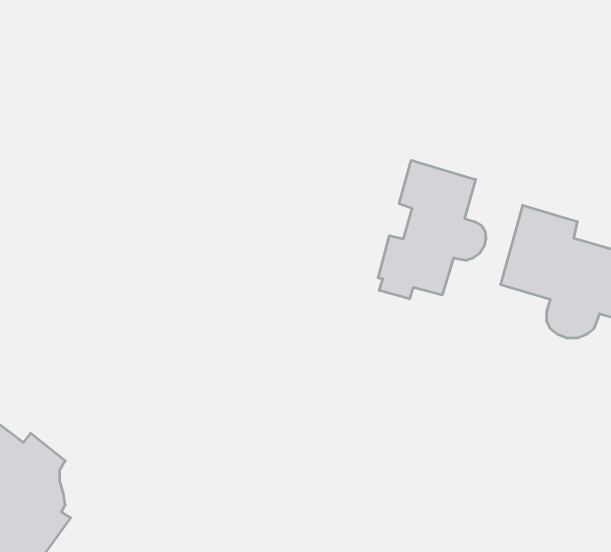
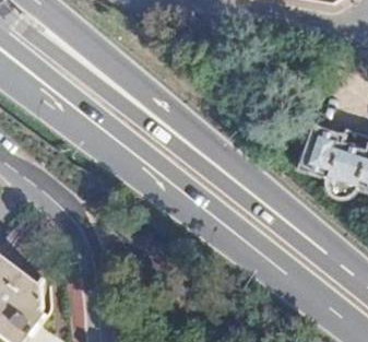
building: [378,160,486,299] -> none

